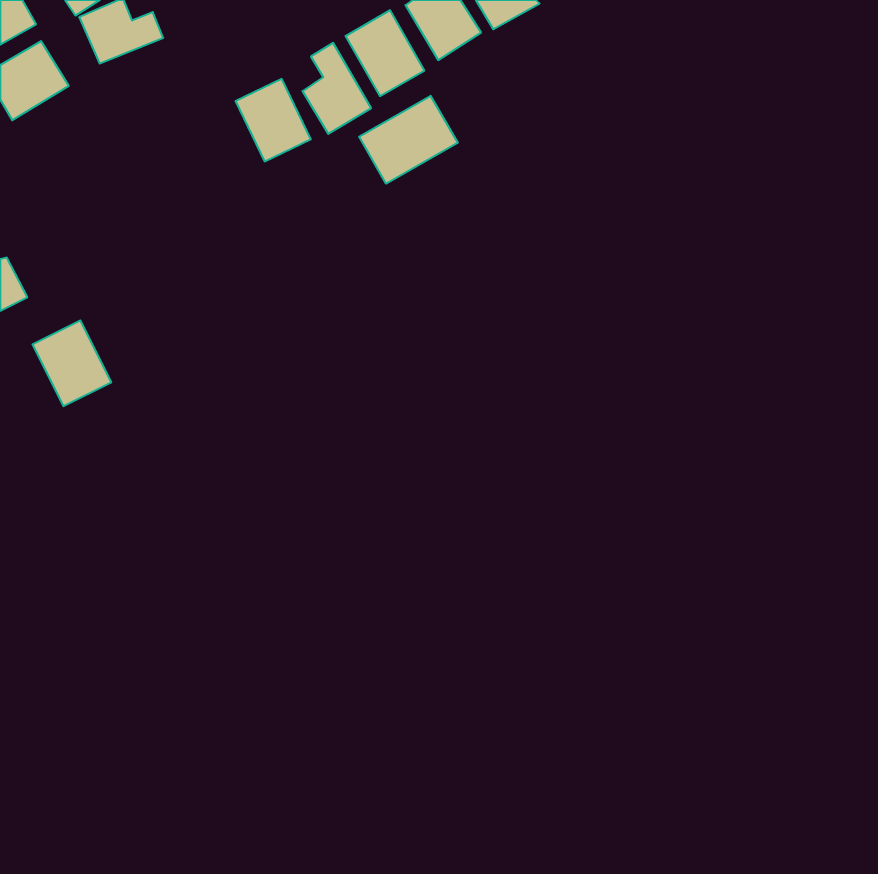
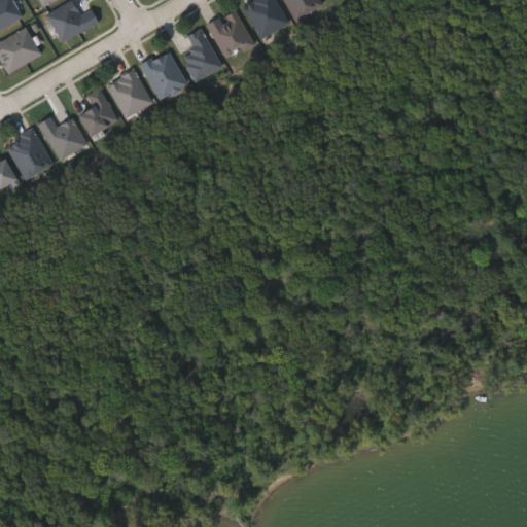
building: [359,96,458,184] -> none
building: none -> [107,69,152,117]
building: none -> [78,86,116,135]
building: none -> [38,115,87,160]
building: [32,320,111,406] -> [5,128,52,179]

